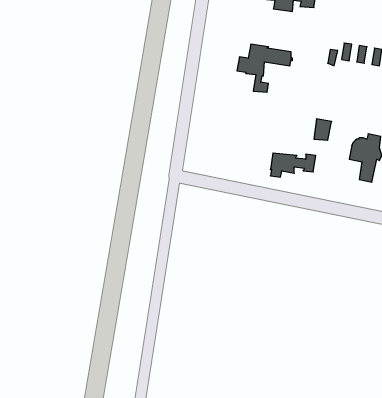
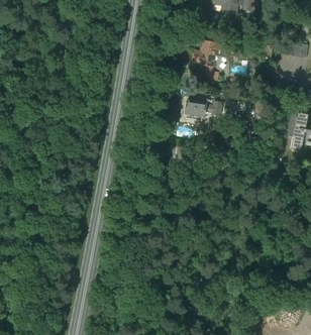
building: [270,153,316,177] -> [186,99,222,118]

